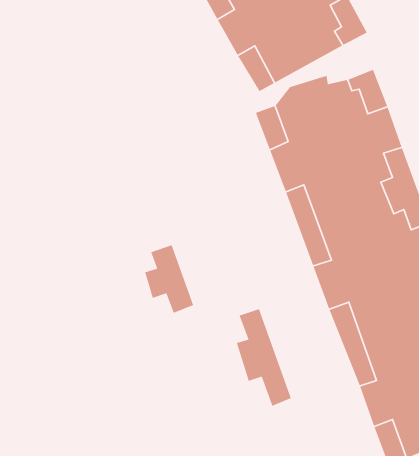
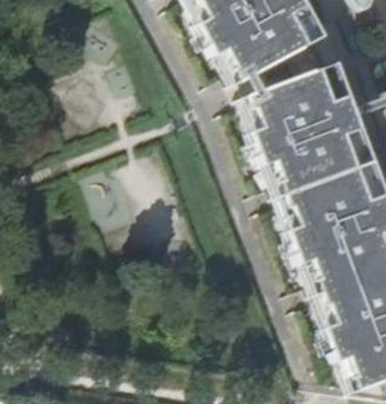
building: [144,244,194,314] -> none
building: [236,308,292,407] -> none

